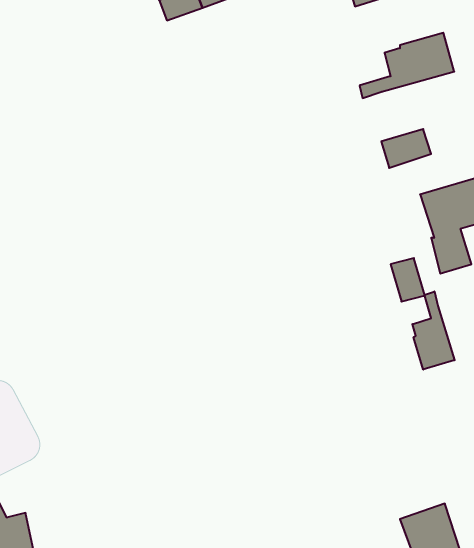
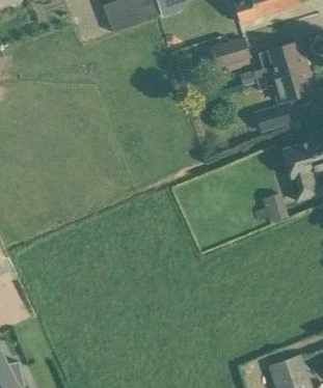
building: none -> [198,39,247,71]
building: none -> [257,66,308,101]
building: [412,291,455,370] -> none

